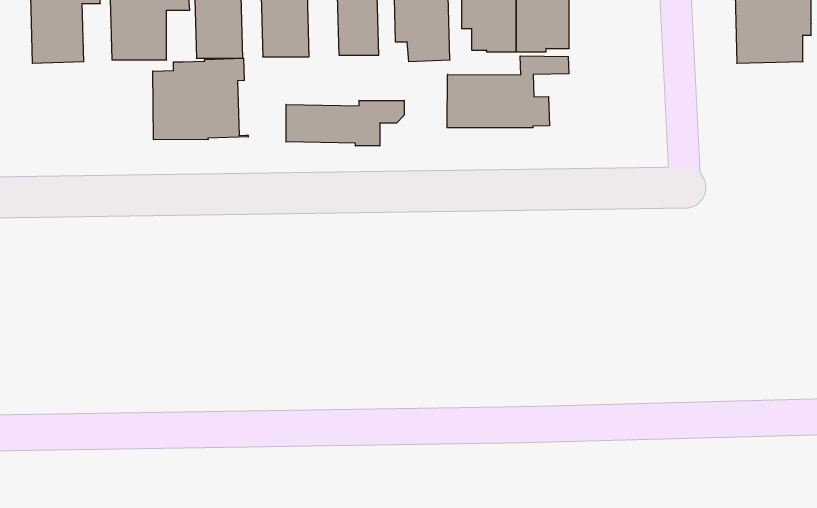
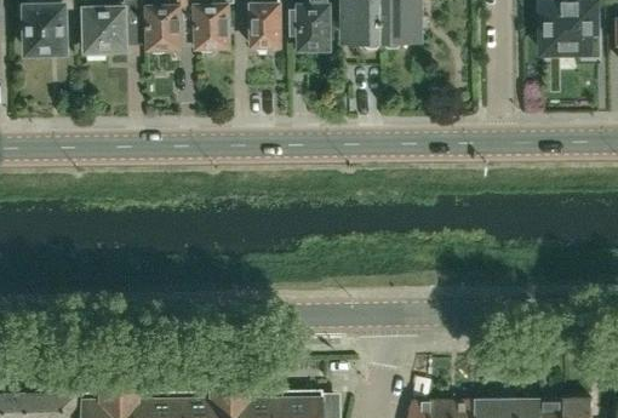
building: [447,56,569,128] -> none
building: [153,58,248,140] -> none
building: [286,100,404,146] -> none

